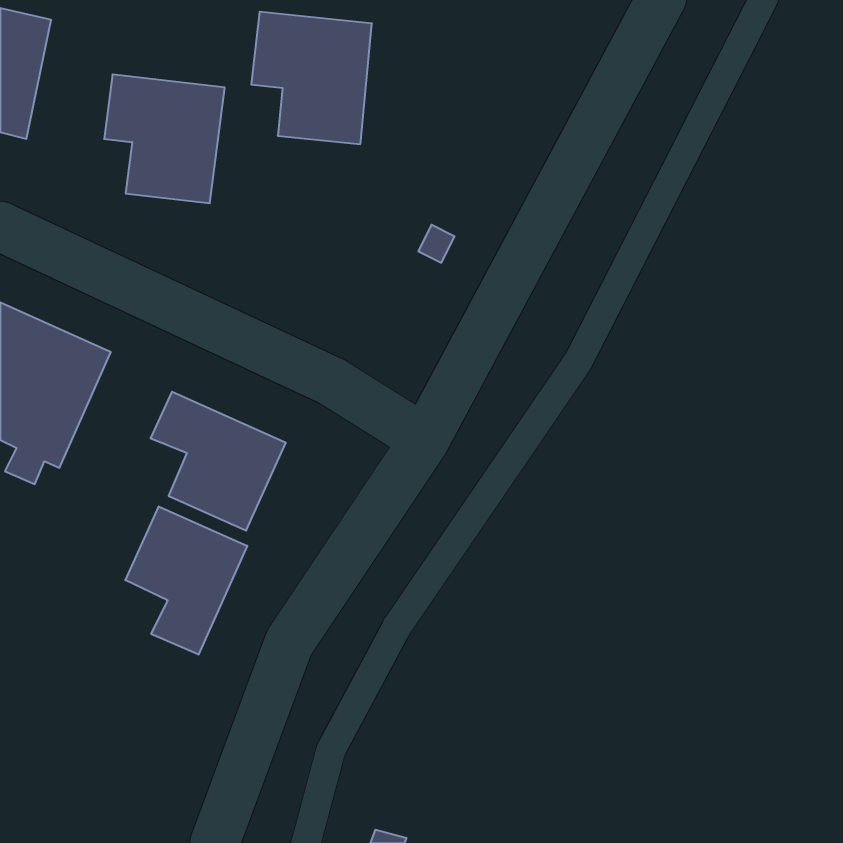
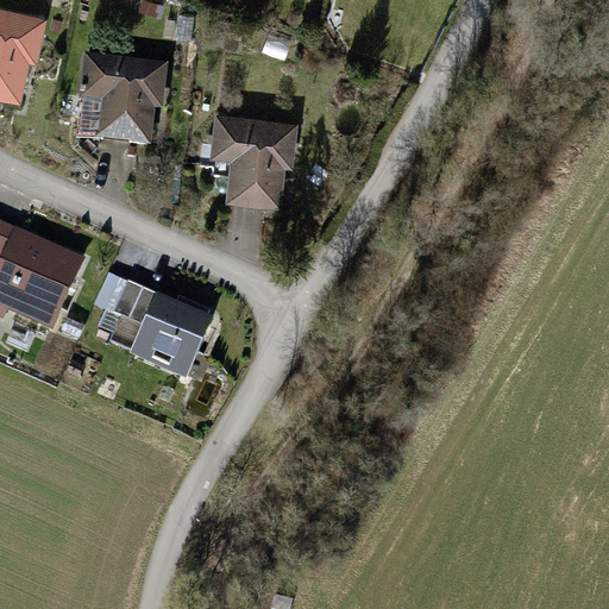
building: [251,12,372,144] -> [206,108,293,203]
building: [125,506,247,655] -> none

